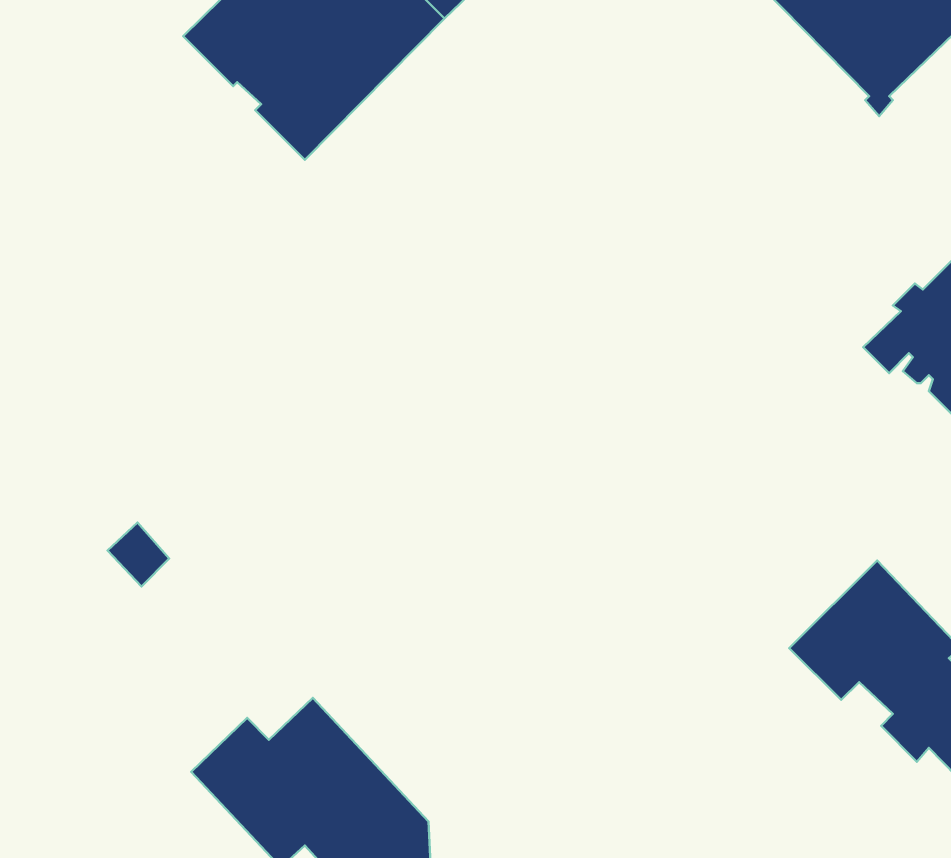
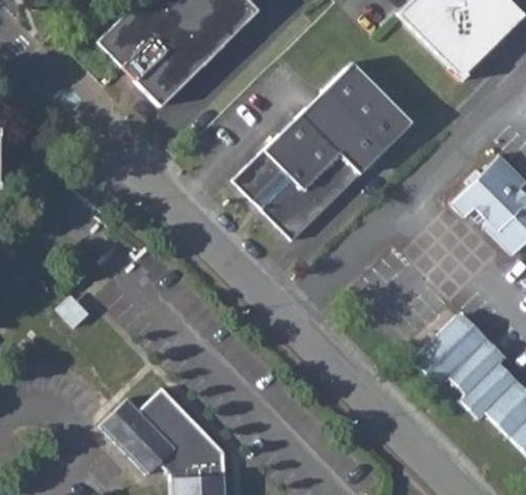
building: none -> [234,62,414,241]

